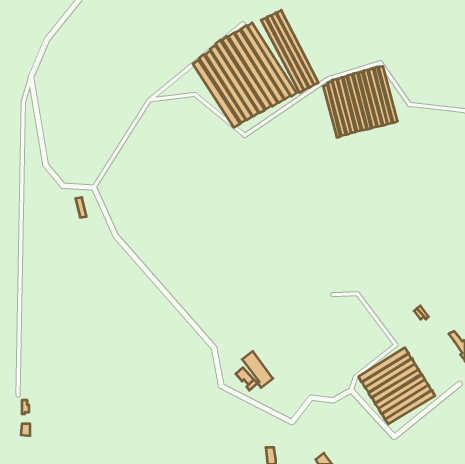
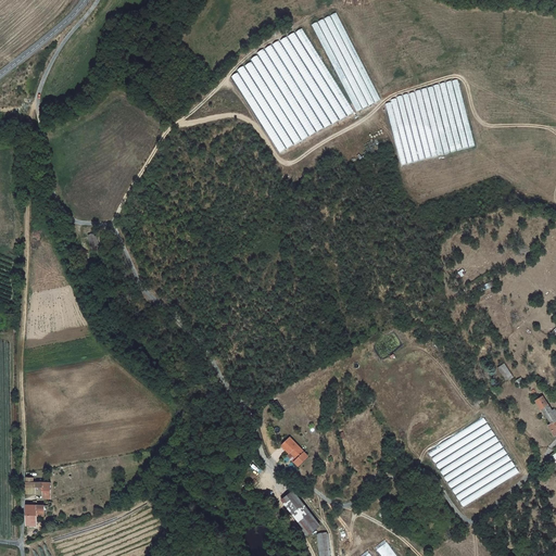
building: [242,351,273,388] -> [285,492,321,535]

